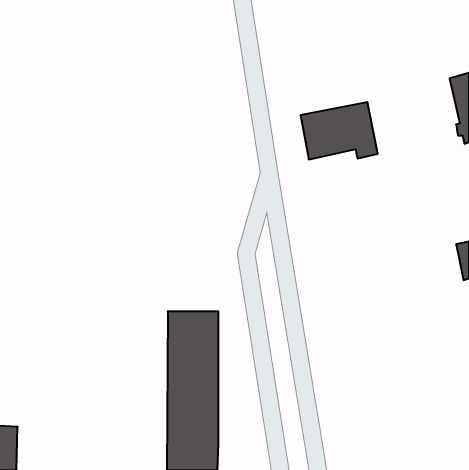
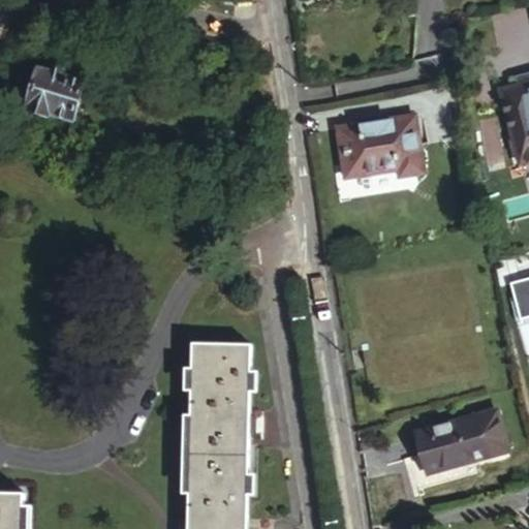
building: none -> [26,68,82,126]
building: none -> [416,409,507,476]

